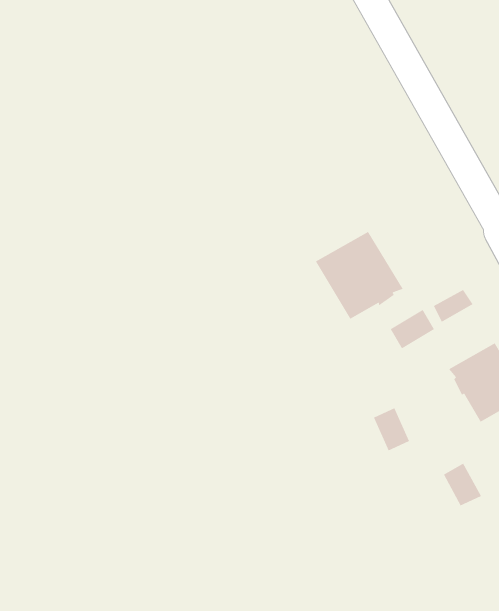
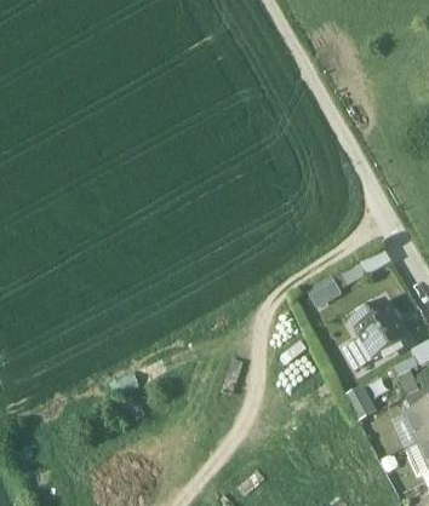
building: [315,231,403,320] -> none

